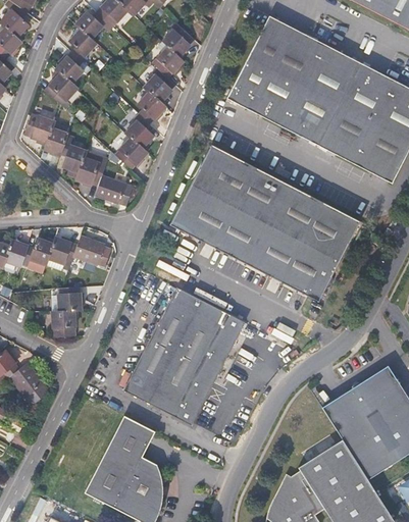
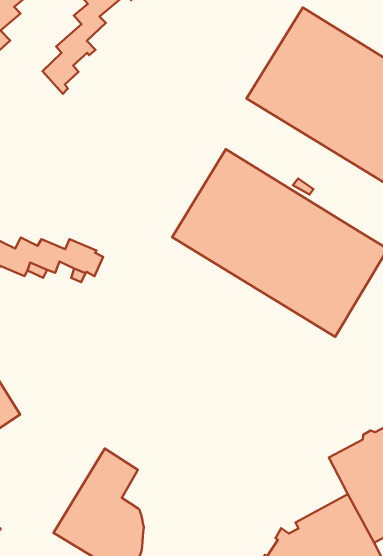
building: [115,21,195,169] -> none
building: [24,113,132,204] -> none
building: [117,282,246,425] -> none
building: [52,286,81,333] -> none

